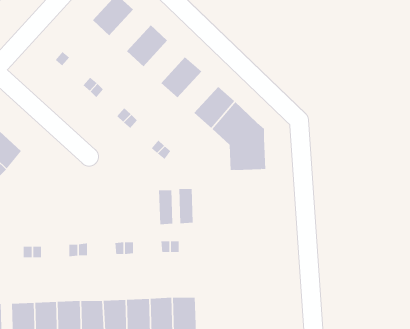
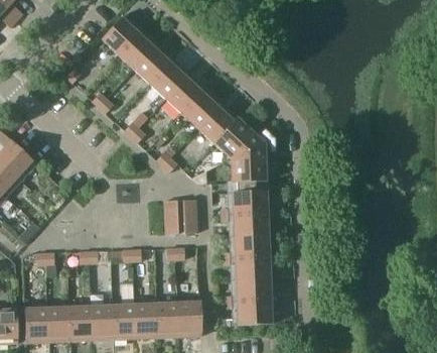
building: none -> [118,29,157,69]
building: none -> [150,58,189,99]
building: none -> [182,88,221,127]
building: none -> [222,181,271,324]

